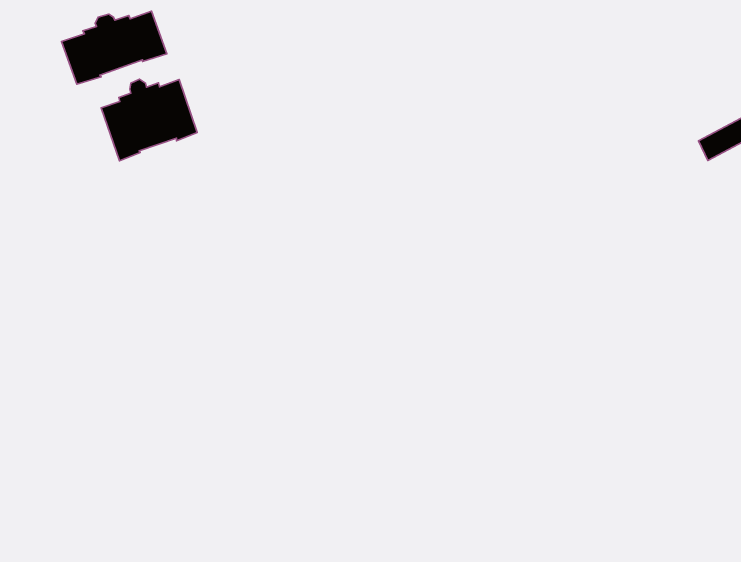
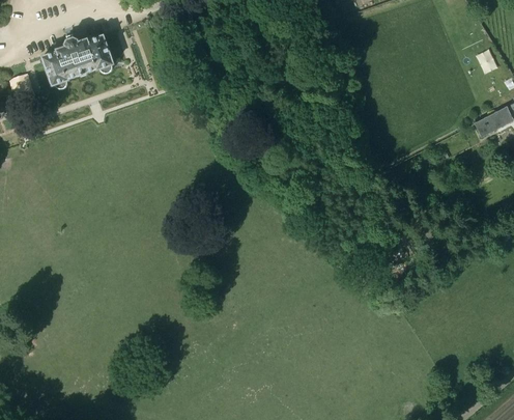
building: [101,79,197,161] -> none

